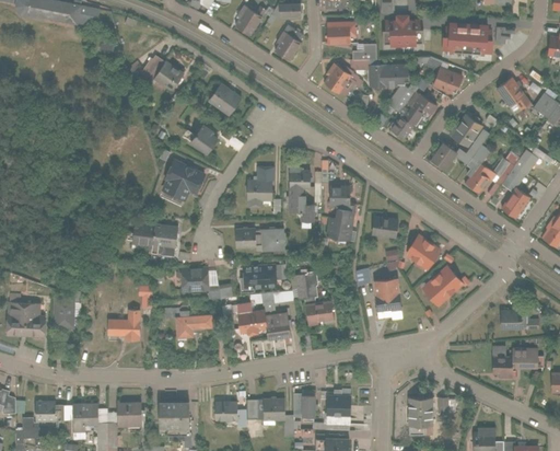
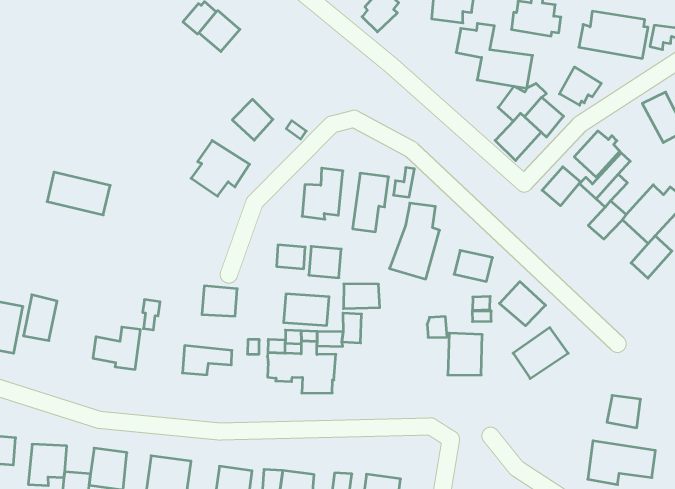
building: [323,65,354,97] -> none
building: [207,83,241,116] -> none
building: [131,220,177,247] -> [47,172,110,215]
building: [304,301,334,323] -> [343,284,380,309]

